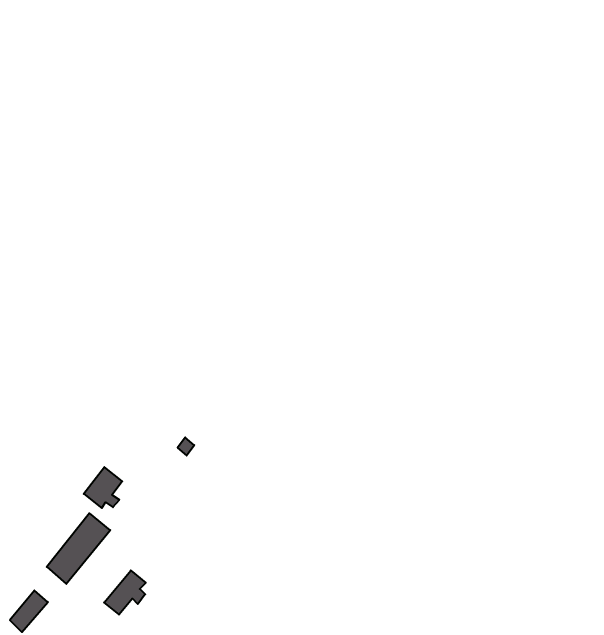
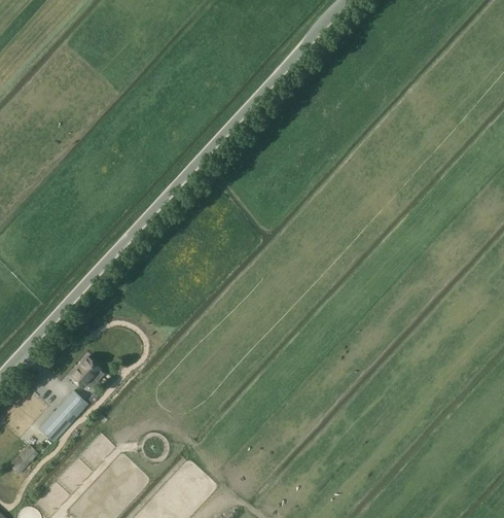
building: [104,570,146,615] -> none

